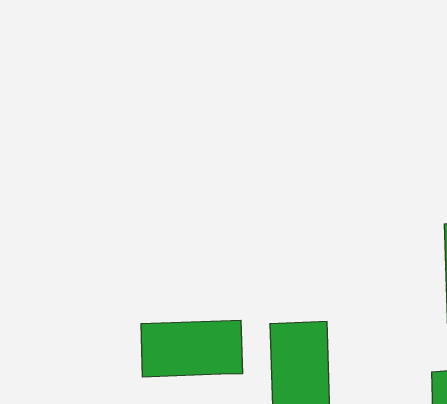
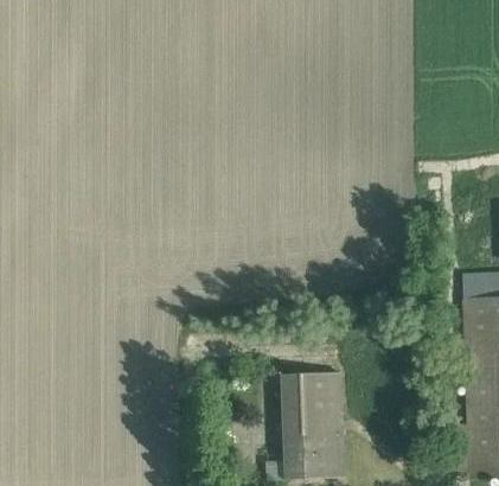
building: [141,320,242,377] -> none

